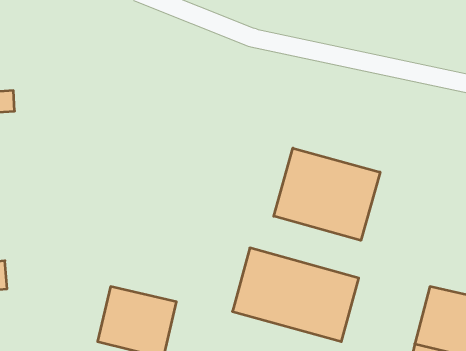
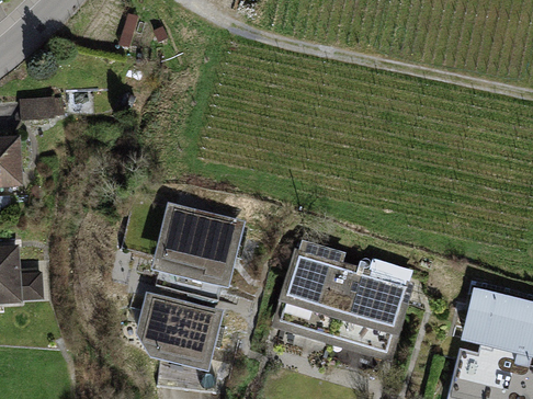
building: [274,148,380,240] -> none
building: none -> [157,203,240,286]

